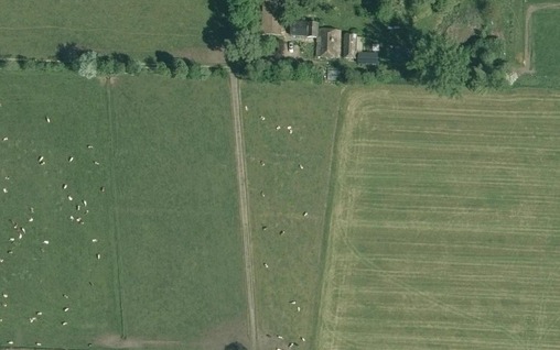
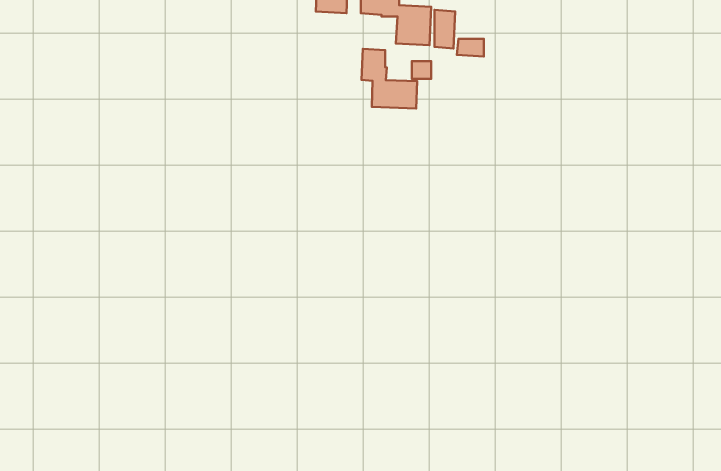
building: none -> [362,49,417,109]

